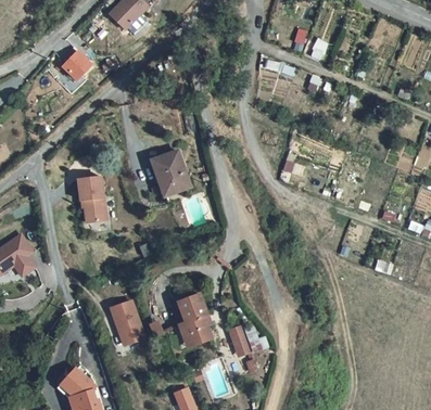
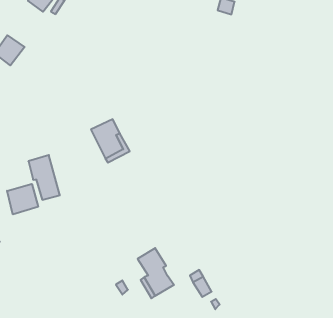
building: none -> [7,184,38,214]
building: [113,303,147,347] -> none

